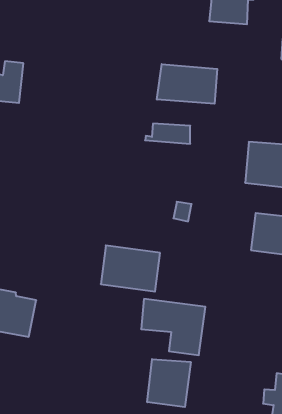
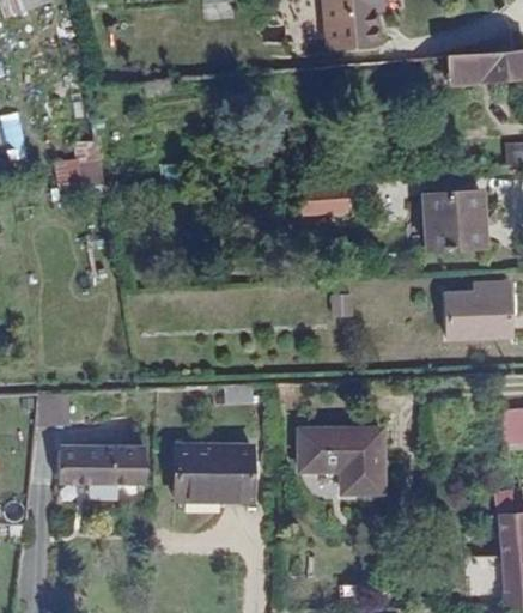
building: [157,64,217,104] -> none
building: [101,245,160,292] -> [182,447,257,500]
building: [147,359,191,407] -> none

